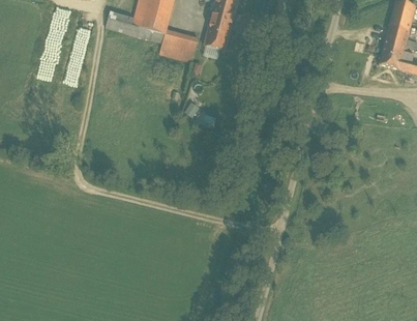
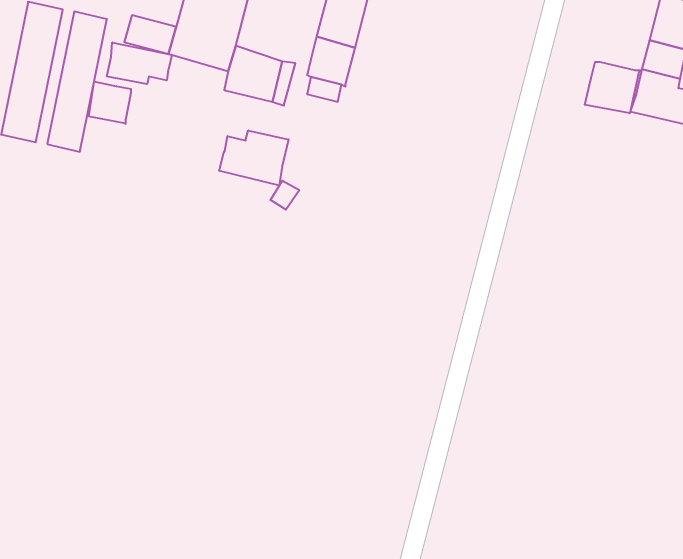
building: none -> [107,42,172,84]
building: none -> [585,62,640,113]
building: none -> [89,82,131,124]
building: none -> [219,130,289,185]

